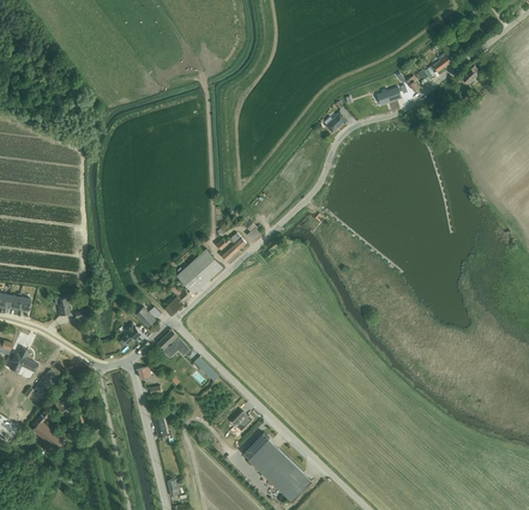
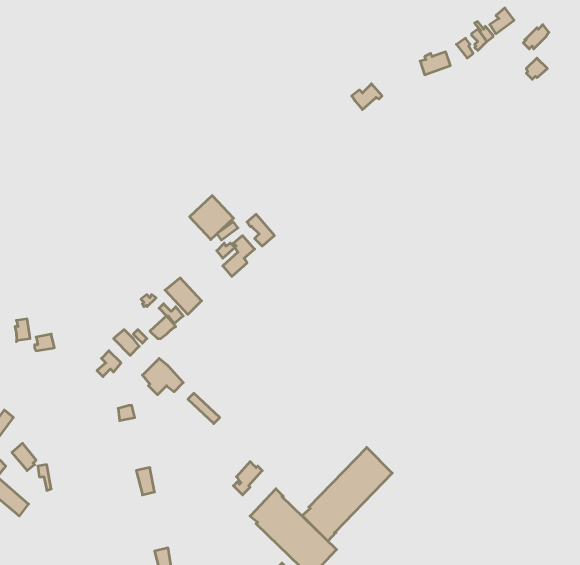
building: [187,248,222,283] -> [190,196,234,240]
building: none -> [302,447,392,541]

